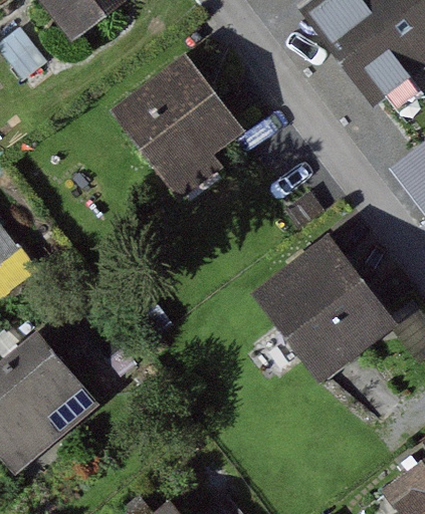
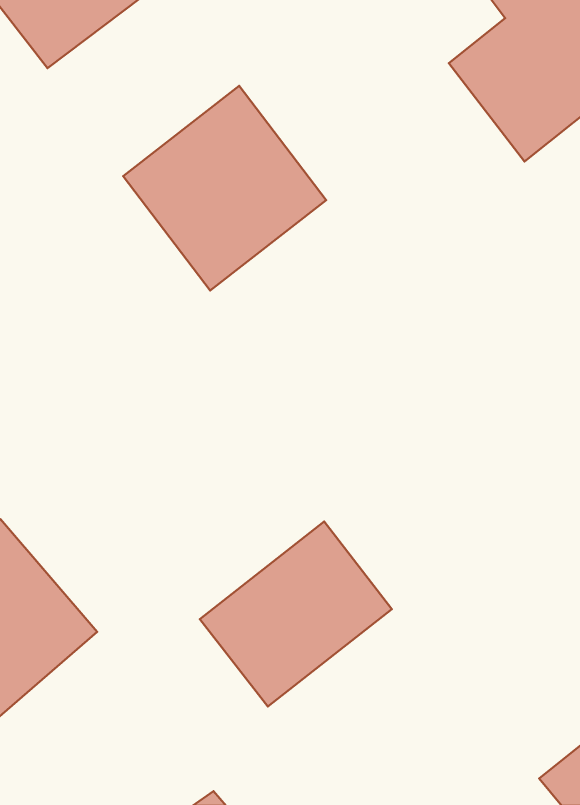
building: [254,246,387,379] -> none
building: none -> [200,522,392,707]

